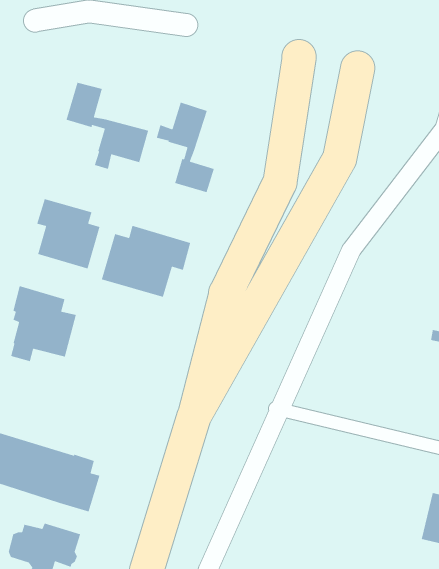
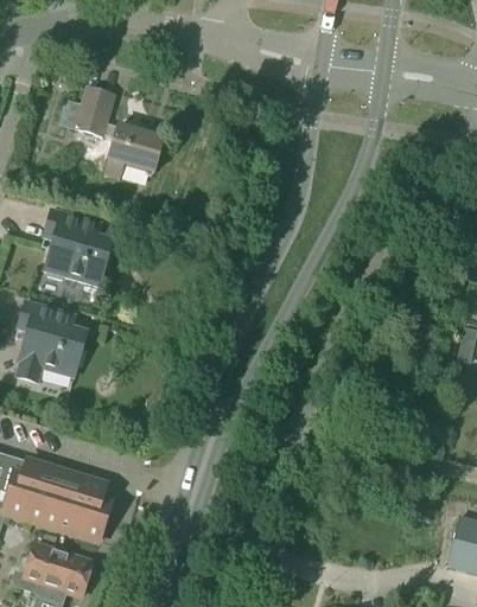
building: [156,102,215,193] -> none
building: [101,225,191,298] -> none

